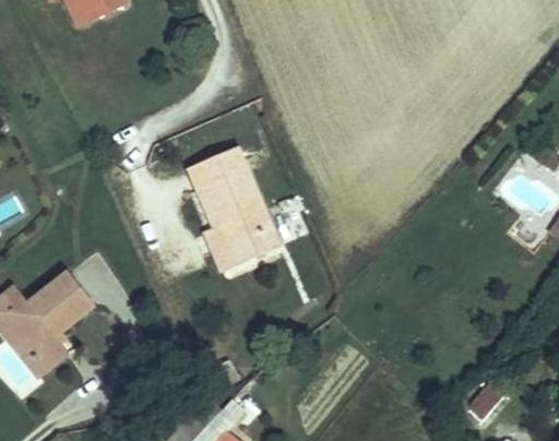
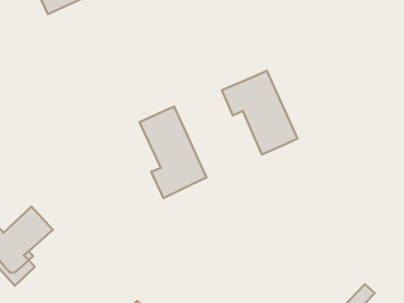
building: none -> [222,71,298,155]

